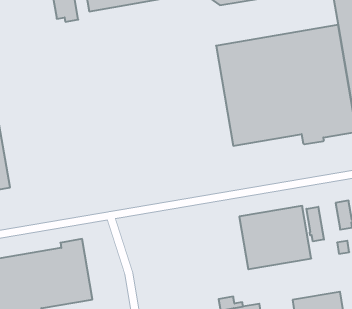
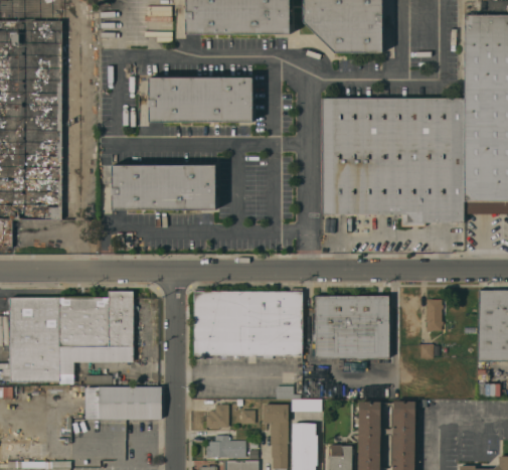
building: none -> [149,77,252,122]
building: none -> [111,165,215,209]
building: [306,207,324,241] -> none
building: none -> [194,291,302,355]

